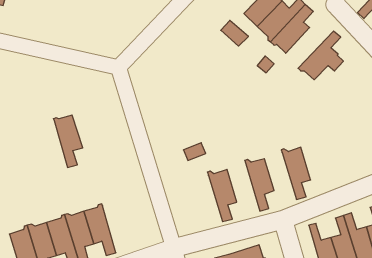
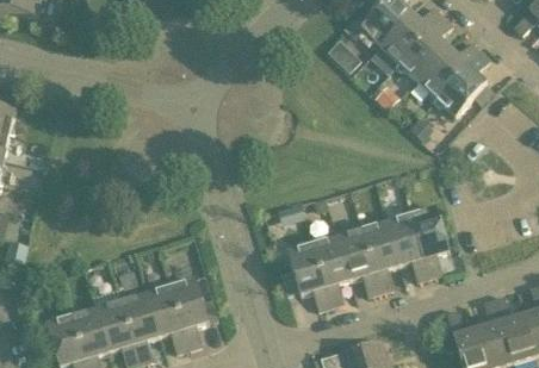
building: none -> [416,42,481,100]
building: [53,115,83,167] -> [169,277,209,348]
building: none -> [388,210,430,281]
building: none -> [337,224,382,295]
building: none -> [284,239,332,310]

